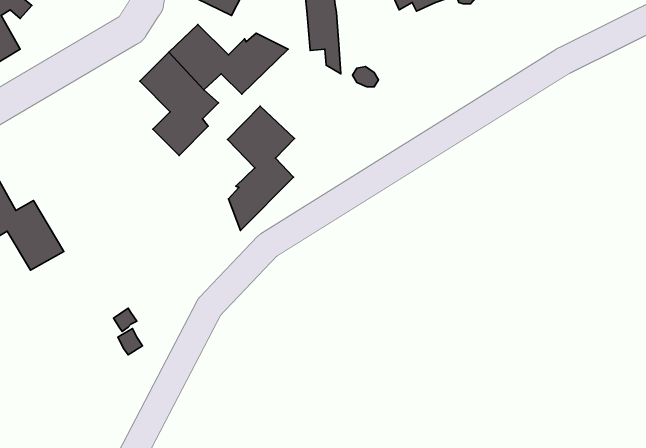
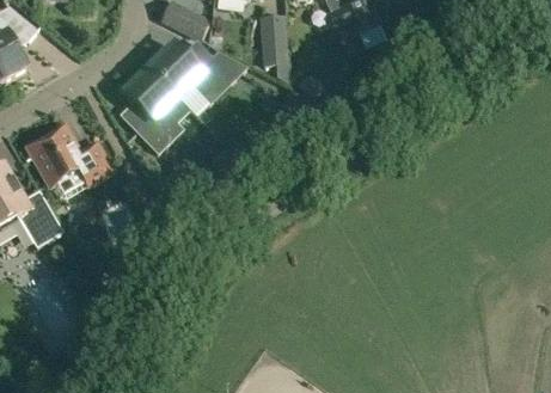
building: [227,106,294,230] -> none
building: none -> [30,128,112,196]

